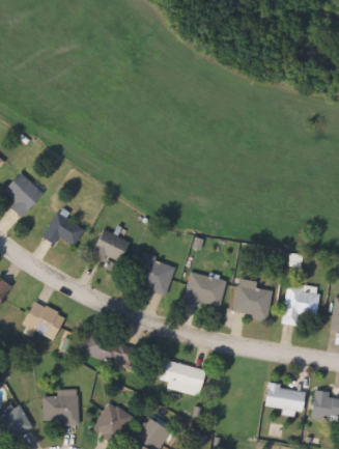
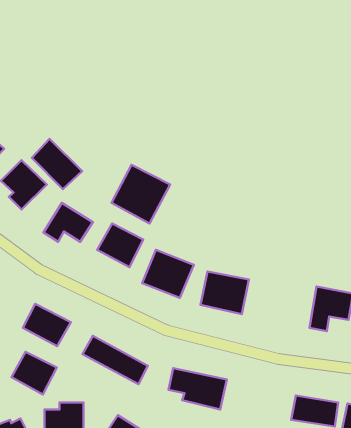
building: none -> [32,139,82,189]
building: none -> [112,165,170,223]
building: [231,283,273,319] -> none
building: none -> [11,352,57,394]

